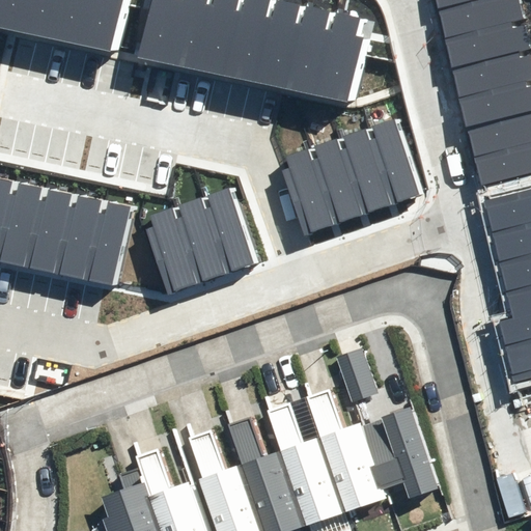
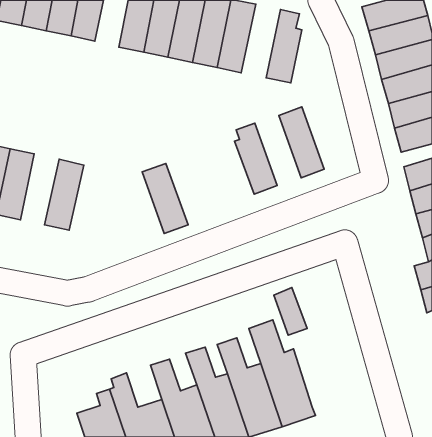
building: [292,5,340,94] -> none
building: [366,119,421,205] -> none
building: [309,140,365,225] -> none
building: [25,187,72,273] -> none
building: [201,188,257,273] -> none
building: [84,200,131,286] -> none
building: [147,208,199,294] -> none
building: [356,406,438,505] -> none

